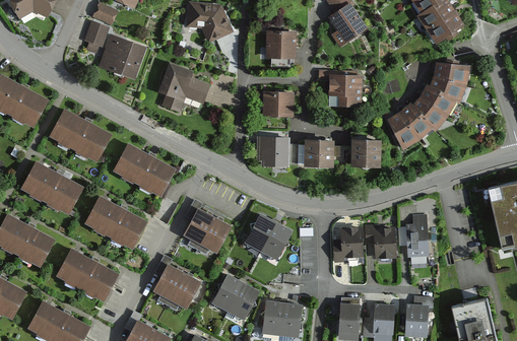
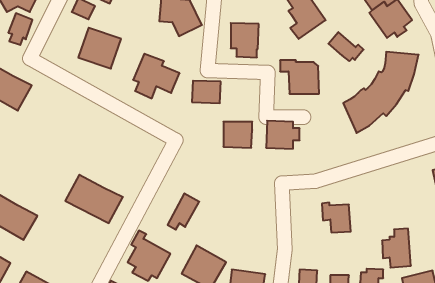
building: [83,21,110,56] -> [8,13,32,45]
building: none -> [328,32,364,61]
building: [262,92,294,117] -> [192,81,221,103]
building: [50,109,111,161] -> none
building: [350,138,381,167] -> none
building: [113,143,175,197] -> none
building: [21,161,81,213] -> none
building: [183,200,214,251] -> none
building: [245,214,293,261] -> none
building: [398,216,430,259] -> [382,229,411,268]
building: [333,228,363,263] -> none
building: [55,248,119,302] -> none

